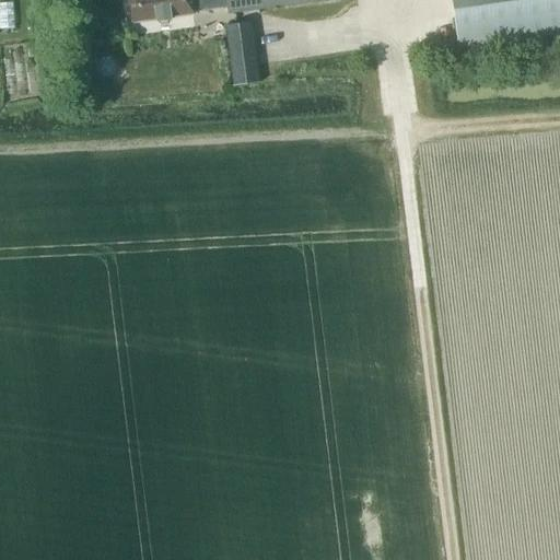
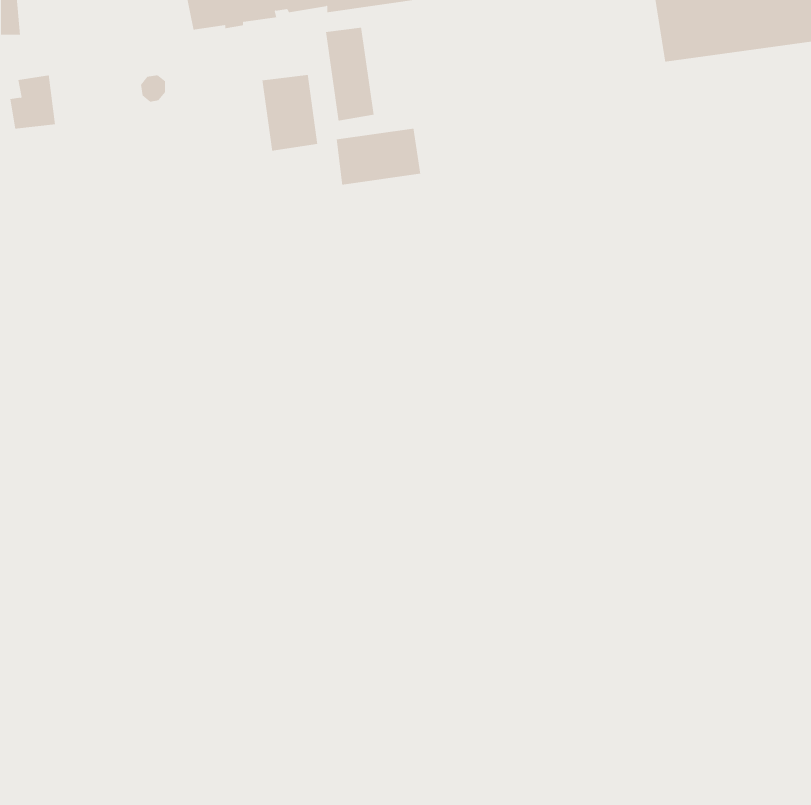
building: none -> [262,74,318,152]
building: none -> [336,128,421,185]

